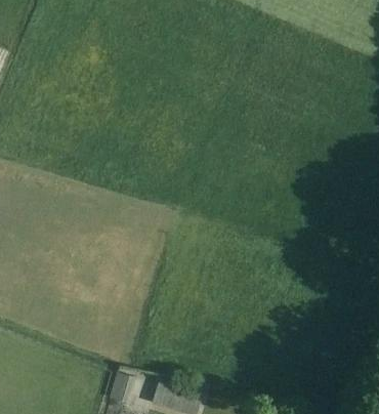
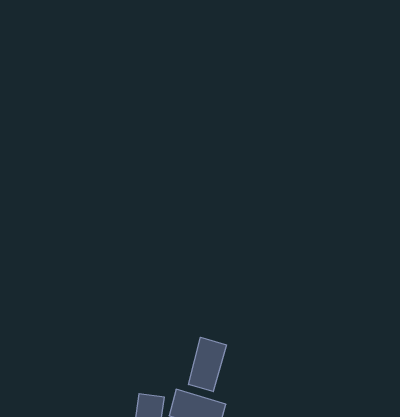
building: none -> [189,337,226,392]

